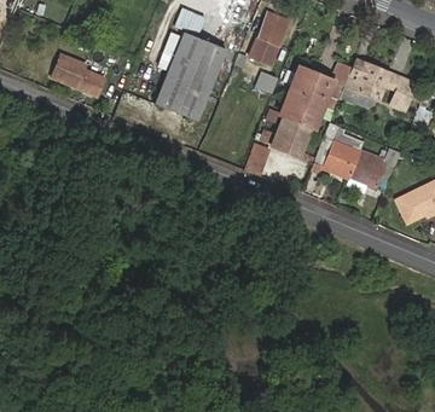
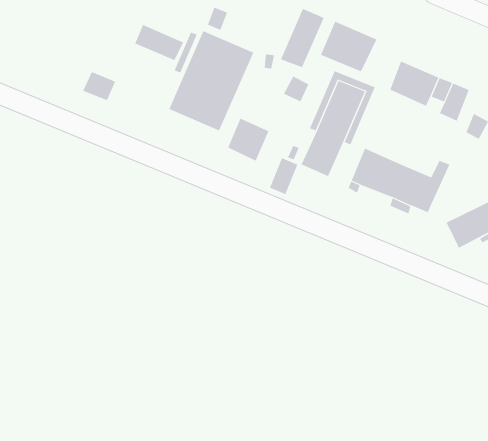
building: none -> [320,21,377,72]
building: none -> [134,24,184,61]
building: [53,54,87,85] -> none
building: none -> [228,118,269,161]

